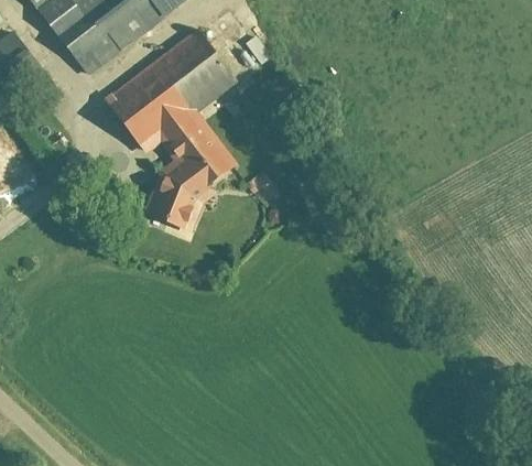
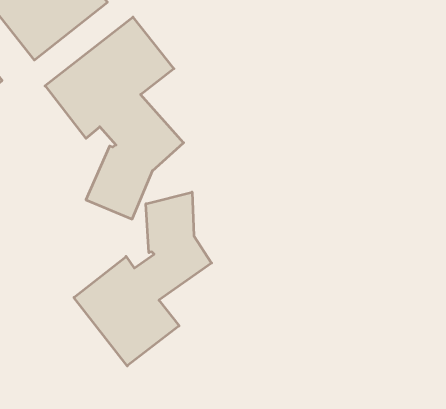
building: none -> [74,192,212,366]

